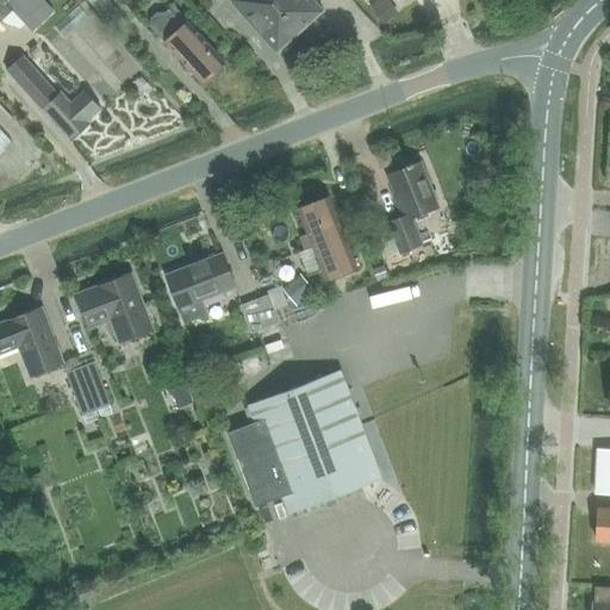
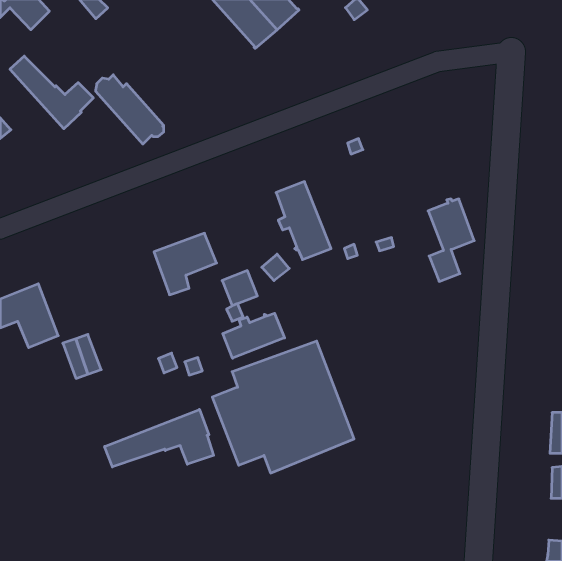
building: [150,7,224,82] -> [96,75,164,144]
building: [388,162,438,251] -> [428,199,474,281]
building: [73,272,152,340] -> none
building: none -> [223,313,285,358]
building: none -> [105,409,214,467]

